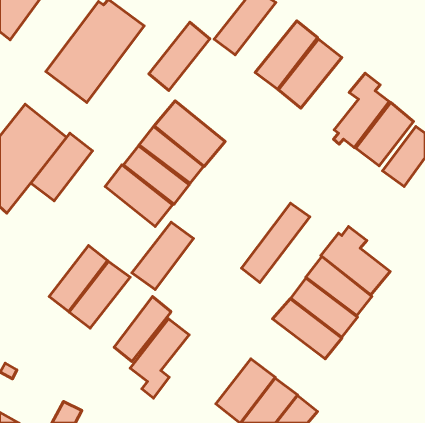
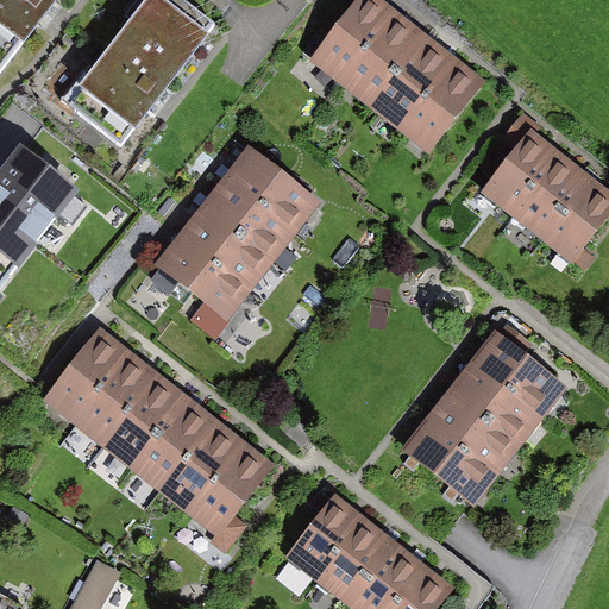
building: [149,22,210,90] -> [335,5,422,102]
building: [31,133,92,201] -> [38,325,126,421]
building: [241,203,310,283] -> none
building: [132,222,194,289] -> [130,397,218,494]
building: none -> [280,490,358,576]

